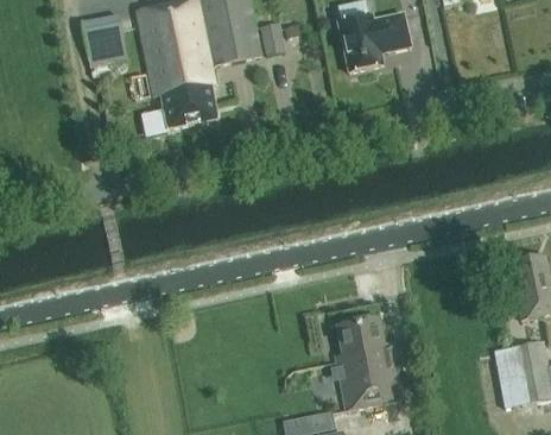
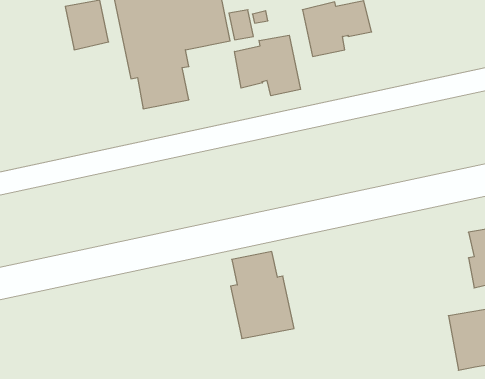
building: none -> [235,35,301,96]
building: [335,316,403,409] -> [231,252,294,338]

